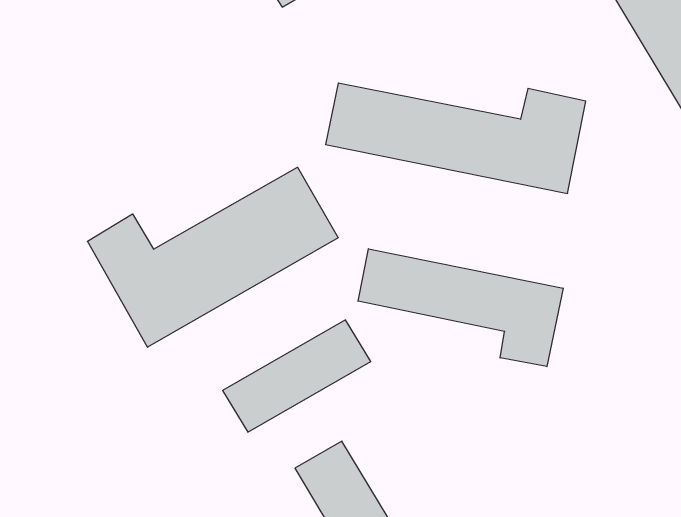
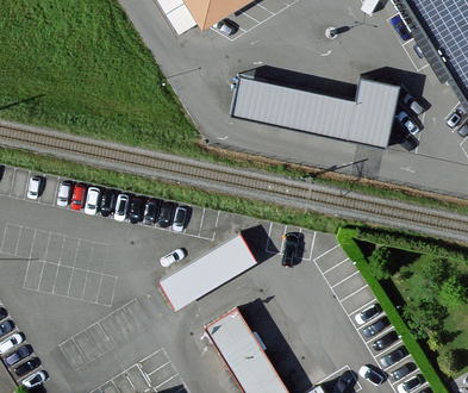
building: [87,167,338,347] -> none
building: [358,249,563,367] -> none

